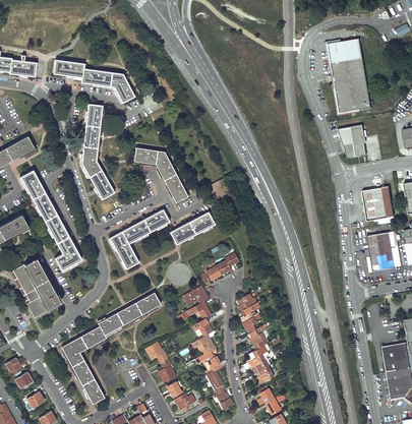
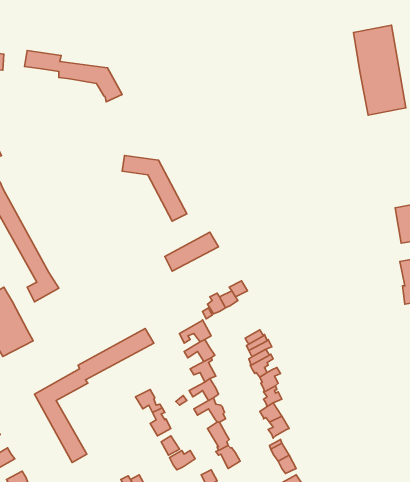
building: [81,104,114,198] -> none
building: [338,125,366,158] -> none
building: [110,209,170,268] -> none

